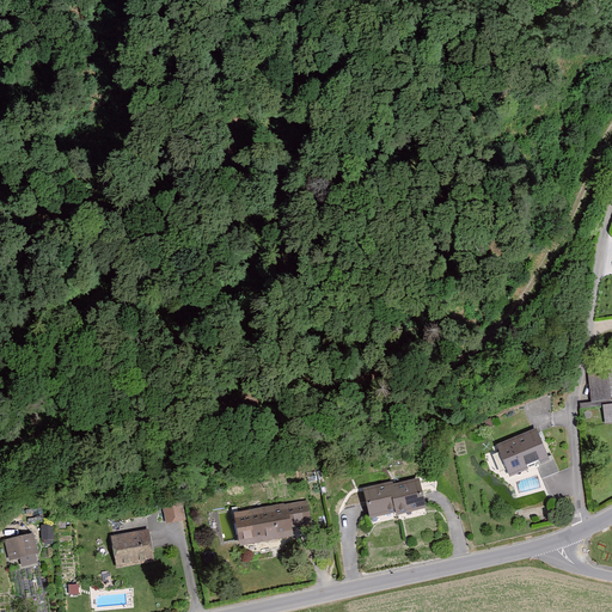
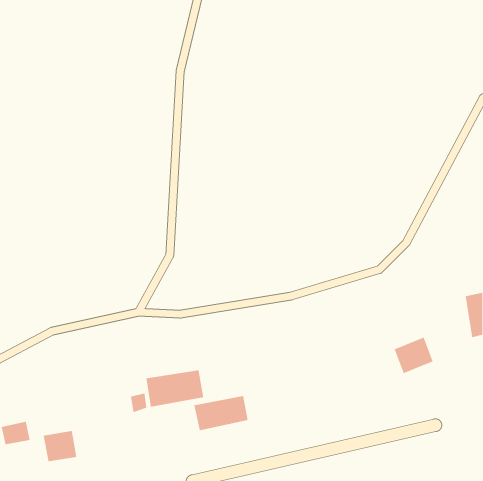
building: none -> [146,370,204,407]
building: [362,477,424,520] -> none
building: [110,528,153,568] -> [43,431,77,462]

